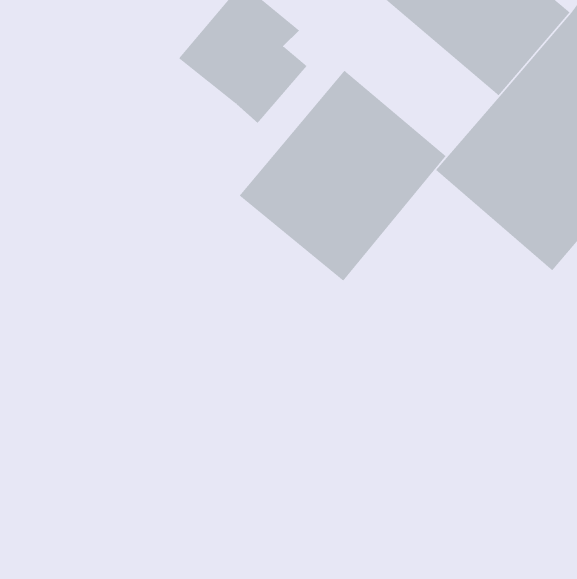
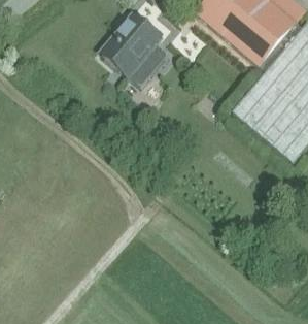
building: [239,70,447,282] -> none

